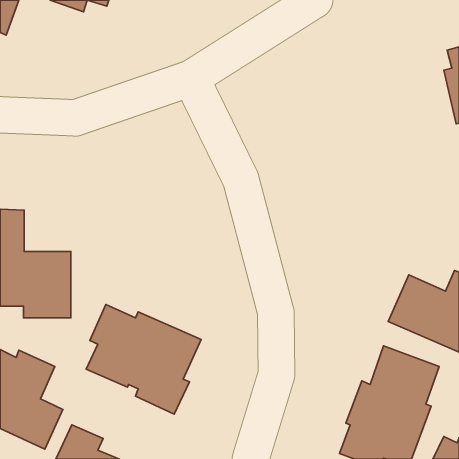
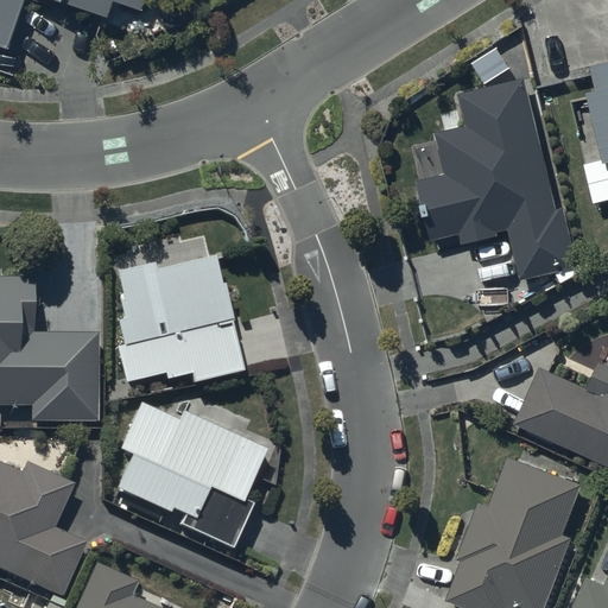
building: none -> [418,75,577,280]
building: none -> [115,255,241,385]

